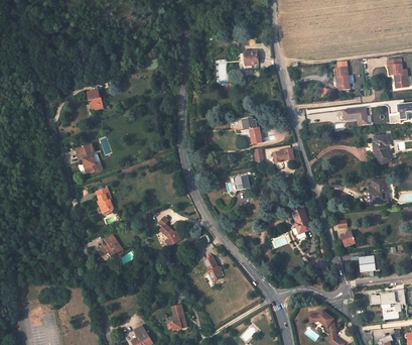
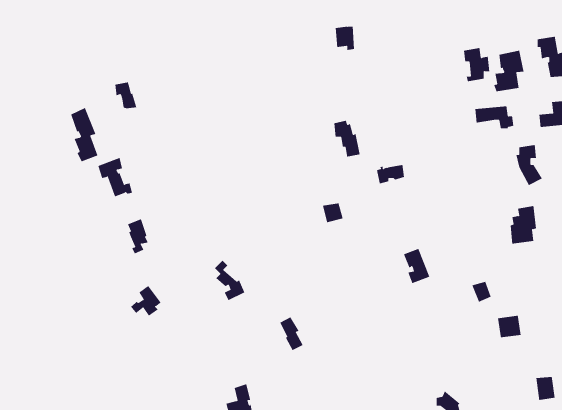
building: none -> [493,50,524,92]
building: none -> [70,107,98,162]

